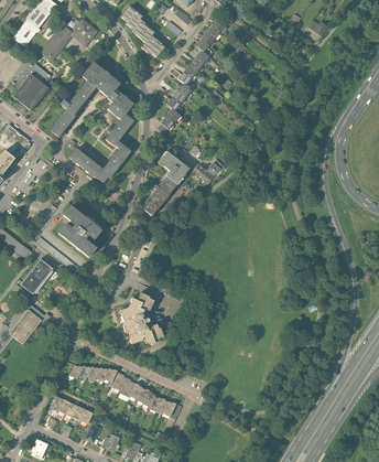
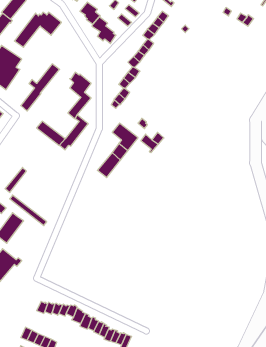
building: [83,62,120,97] -> none
building: [58,205,101,257] -> none
building: [119,291,163,344] -> none

